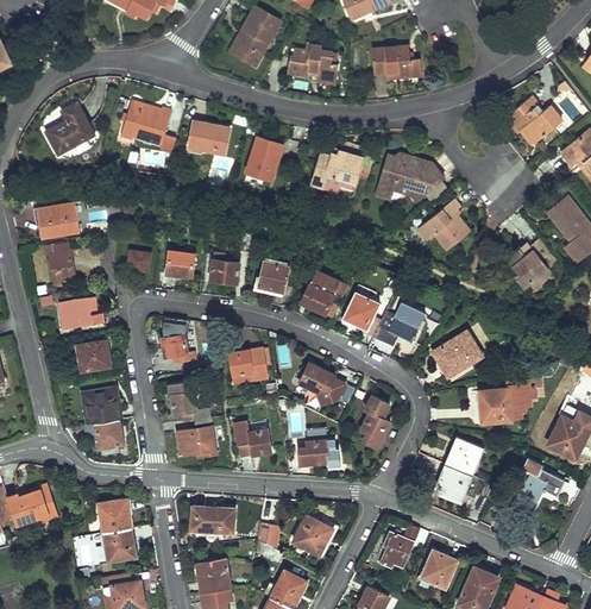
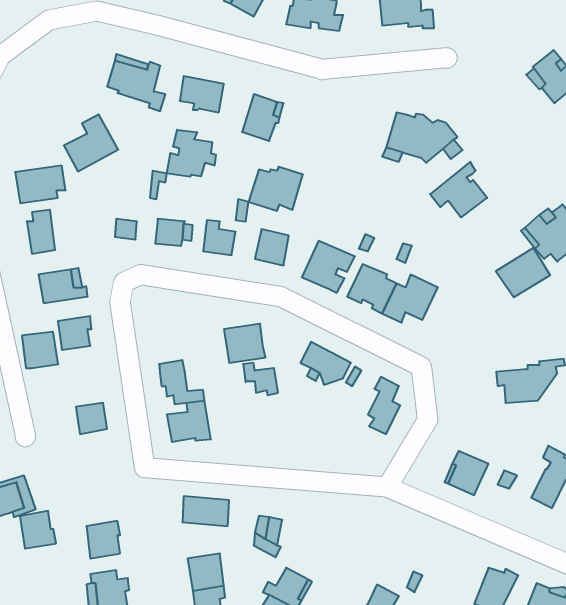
building: [45,102,95,155] -> [64,114,118,171]
building: [312,151,361,192] -> [249,167,303,211]
building: none -> [167,130,216,177]
building: [162,318,195,362] -> none
building: [432,332,482,377] -> [496,248,550,297]
building: [86,390,119,423] -> [22,332,58,368]
building: [240,425,272,454] -> [243,363,278,395]
building: [447,437,483,476] -> none
building: [298,440,339,469] -> none
building: [99,498,132,533] -> [20,511,56,549]
building: [294,515,333,555] -> none
building: [382,530,415,569] -> none
building: [422,550,458,588] -> none

